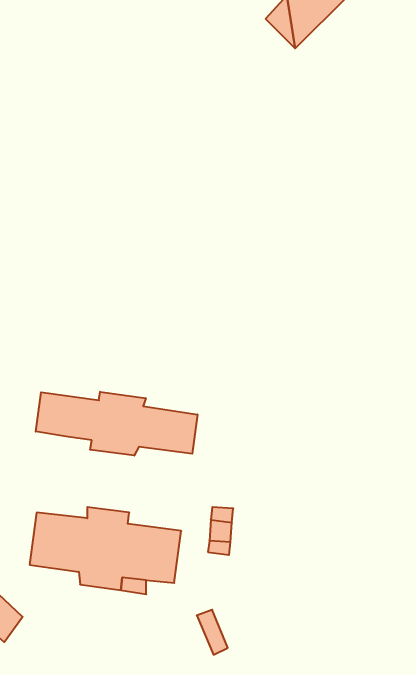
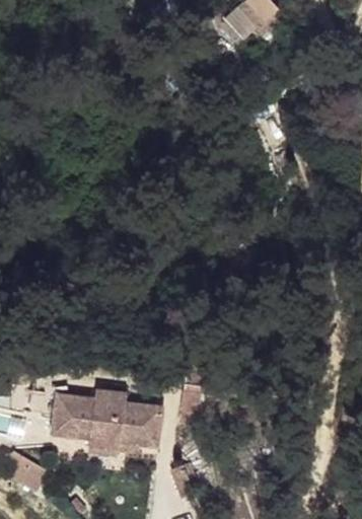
building: [36,392,197,456] -> none

